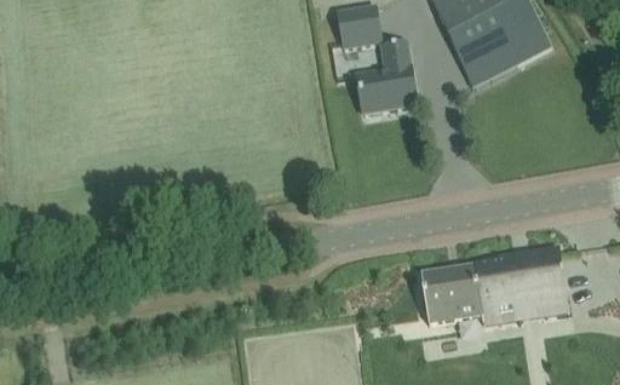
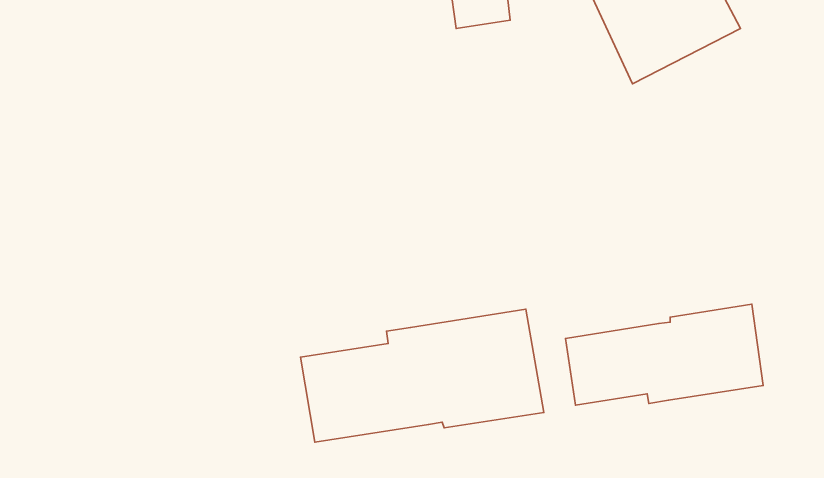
building: [357,36,417,113] -> none
building: none -> [301,309,544,442]

